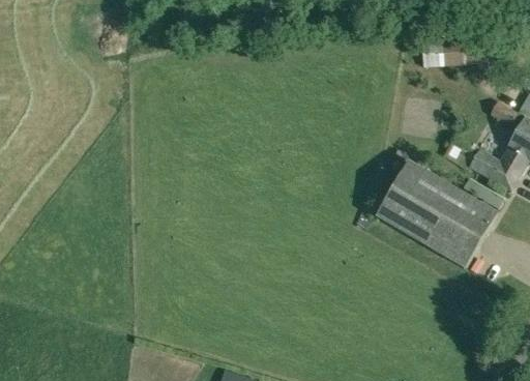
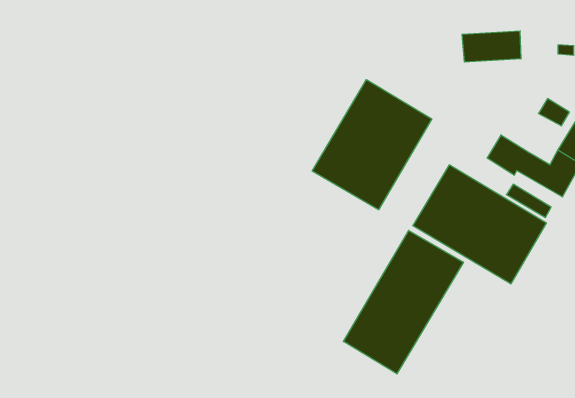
building: none -> [312,80,432,210]
building: none -> [343,230,463,374]

